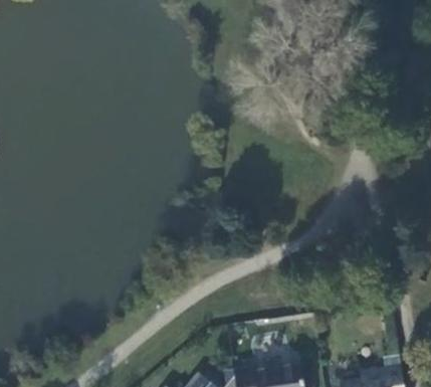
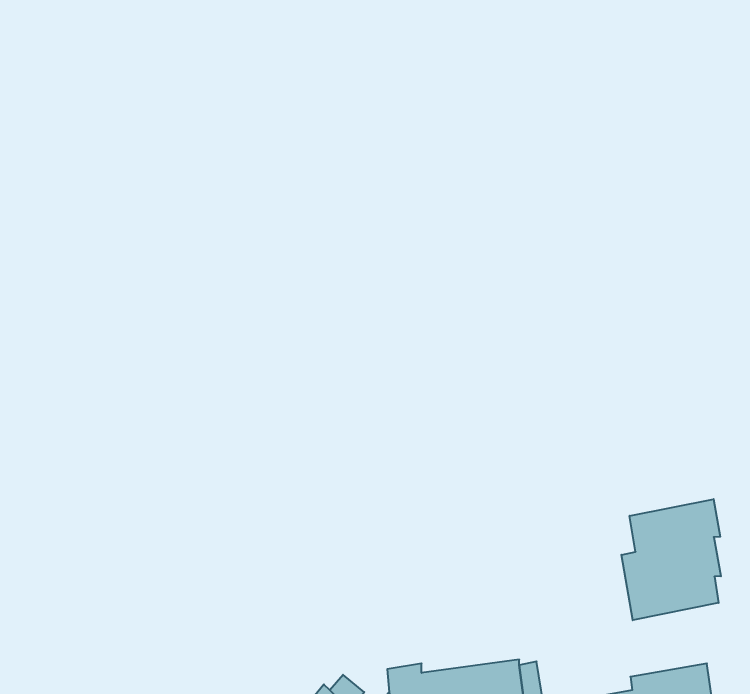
building: none -> [621,499,721,620]

